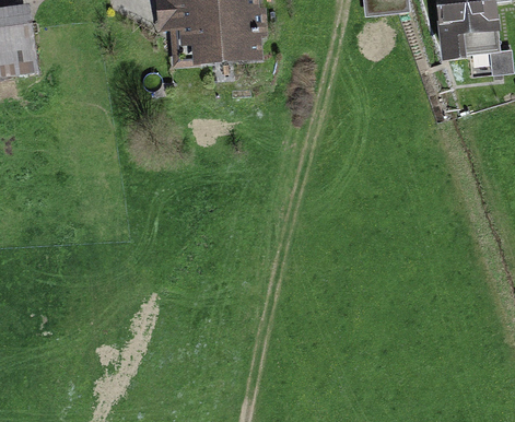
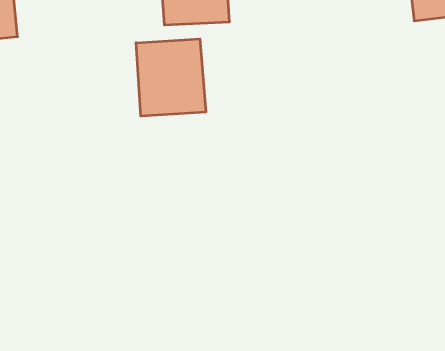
building: none -> [136,39,206,116]

